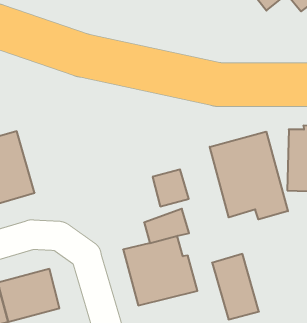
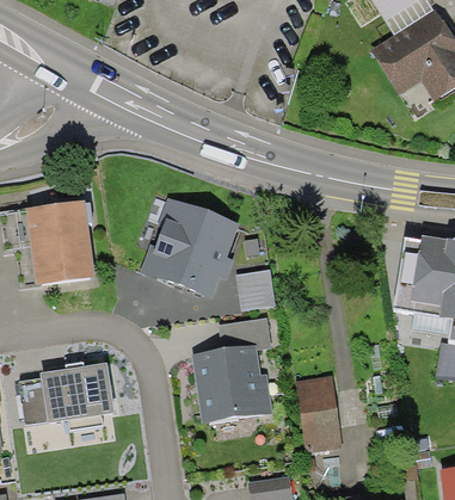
building: none -> [141,199,235,295]
building: [210,132,288,219] -> none

